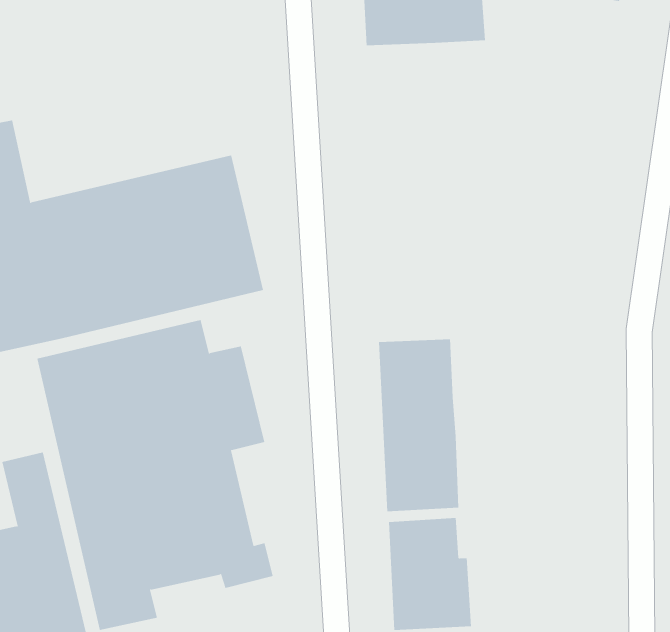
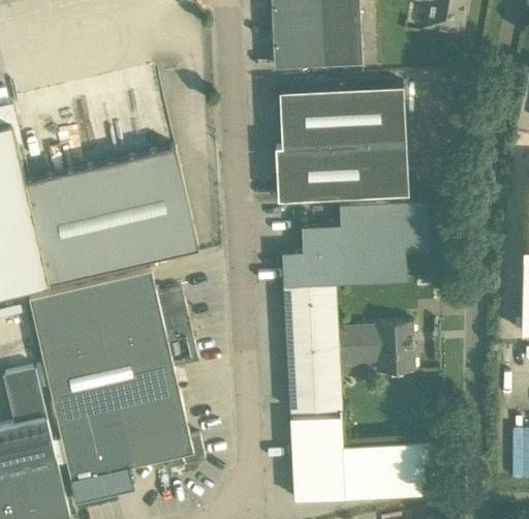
building: none -> [276,87,409,201]
building: none -> [281,202,429,287]
building: none -> [338,323,418,374]
building: none -> [348,442,434,498]

